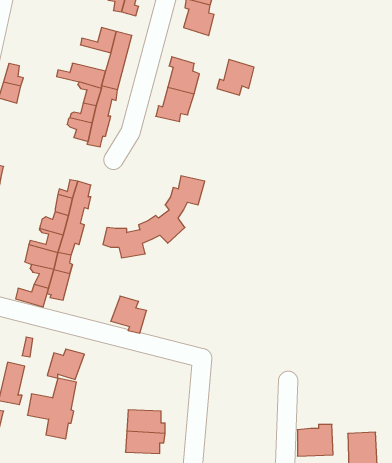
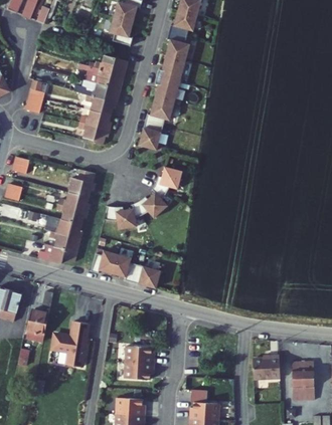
building: none -> [76,64,112,87]
building: [217,59,254,95] -> [158,54,186,81]
building: none -> [140,122,164,150]
building: none -> [134,269,162,293]
building: [47,349,84,379] -> [91,254,119,277]

